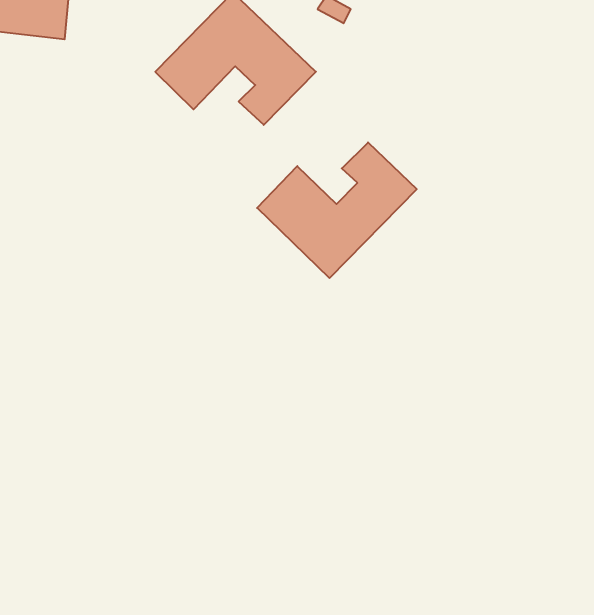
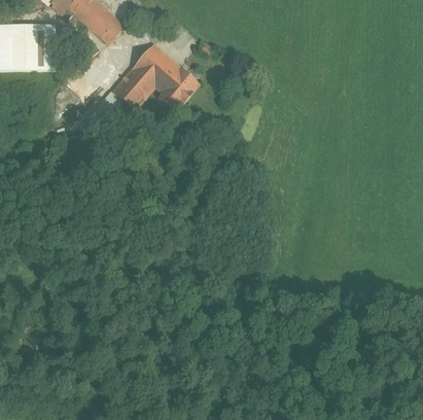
building: [257,142,417,278] -> none

